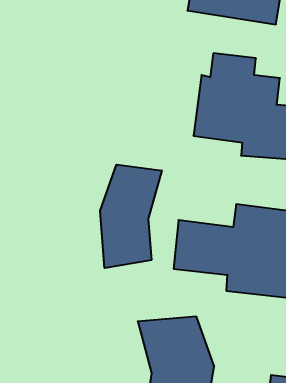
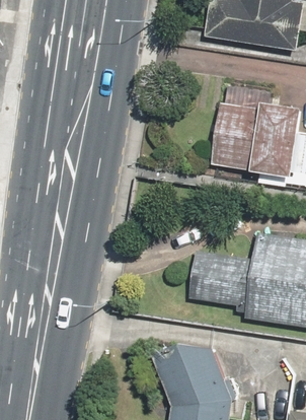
building: [100,165,162,268] -> none

